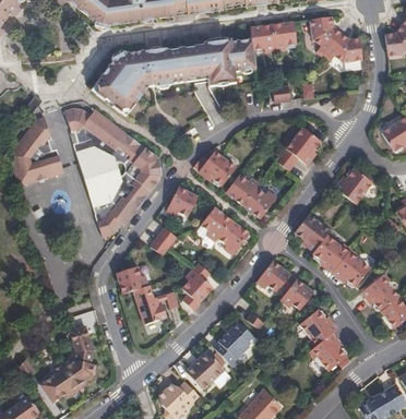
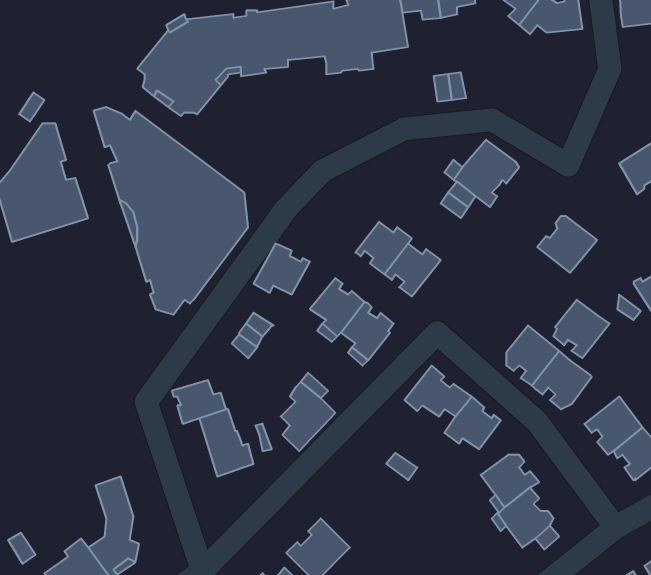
building: [198,151,236,185] -> none
building: [296,216,330,251] -> [553,300,610,358]
building: [213,321,253,367] -> none

